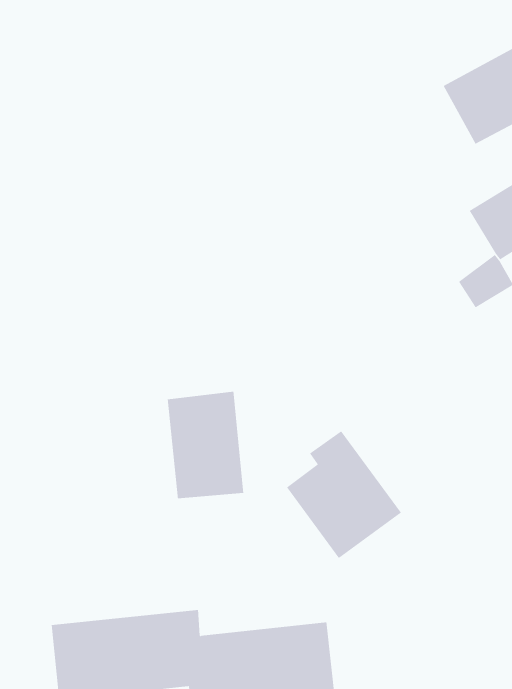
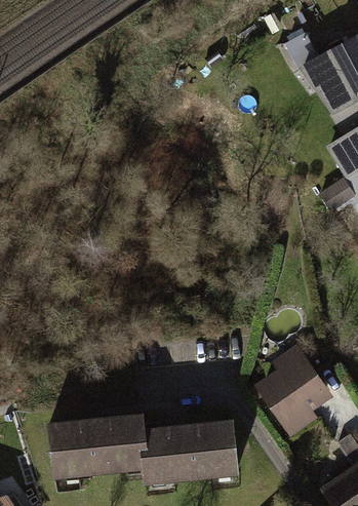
building: [167,391,244,499] -> none
building: [286,430,402,559] -> [260,348,336,433]

